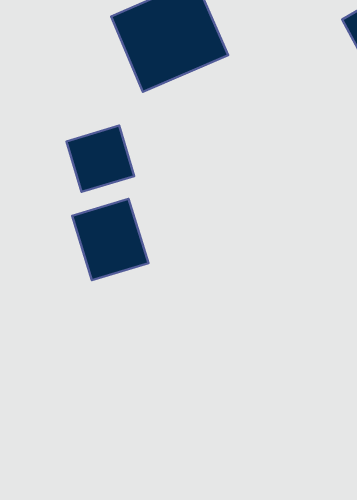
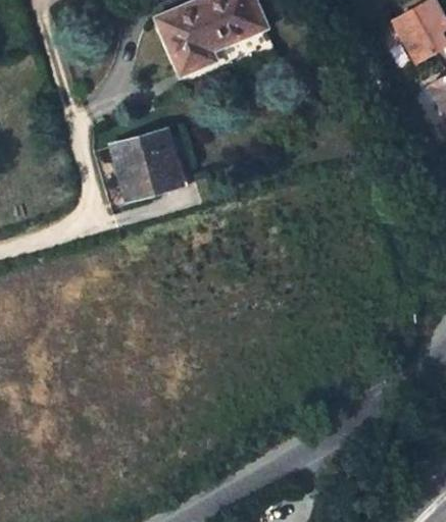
building: [72,199,148,280] -> none

